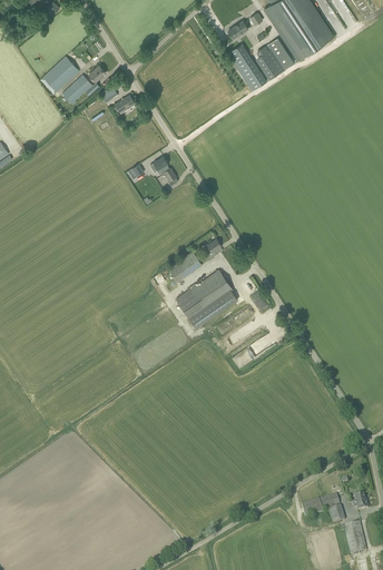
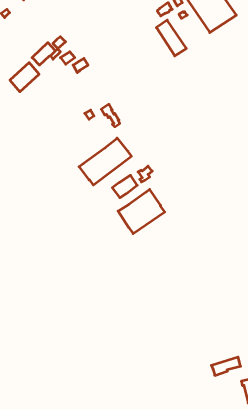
building: [255,37,294,79] -> none
building: [40,56,79,95] -> [10,63,39,92]
building: none -> [79,138,131,185]

